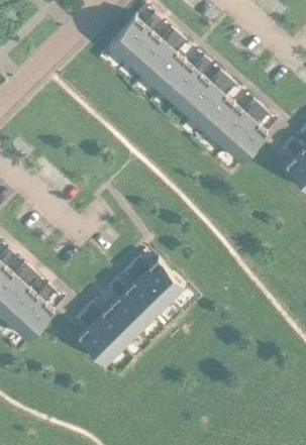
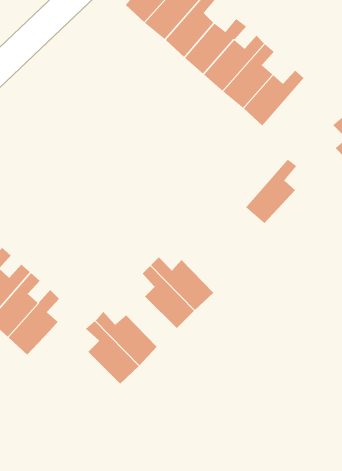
building: [223,107,267,161] -> [245,159,297,224]
building: [106,279,151,332] -> none

